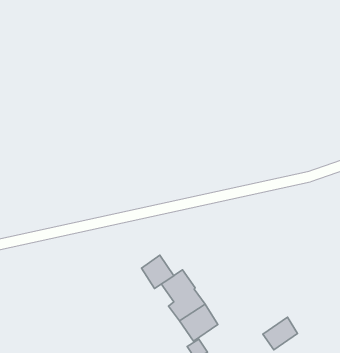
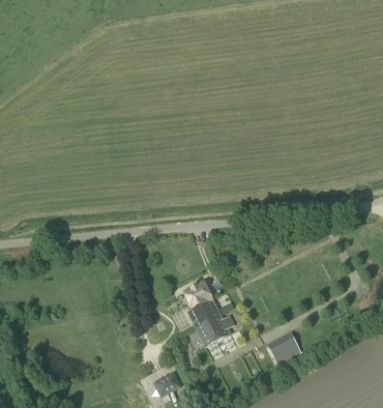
building: [142,255,174,288] -> none

